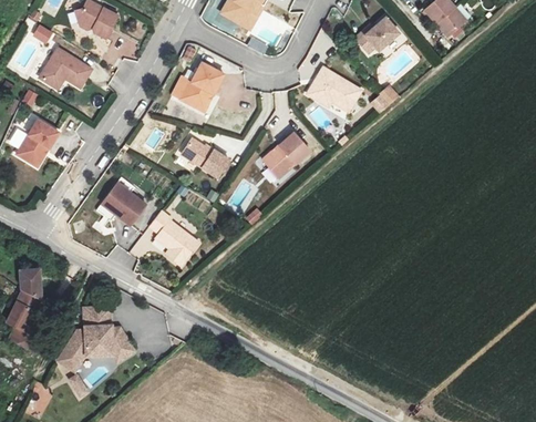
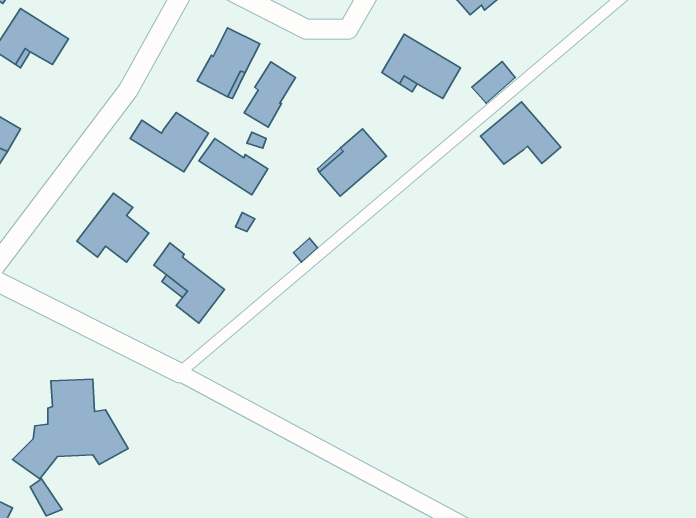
building: none -> [244,62,296,127]
building: none -> [481,102,561,164]
building: none -> [130,112,209,172]

